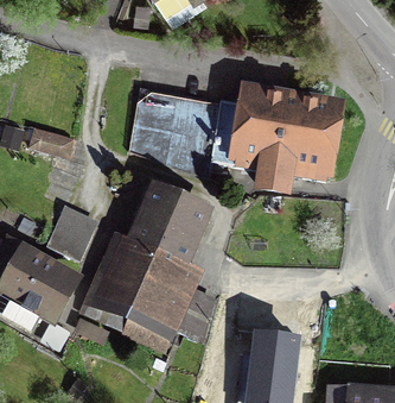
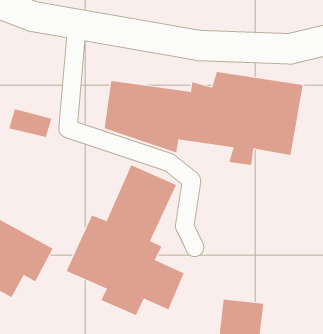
building: [46,208,95,258] -> none

